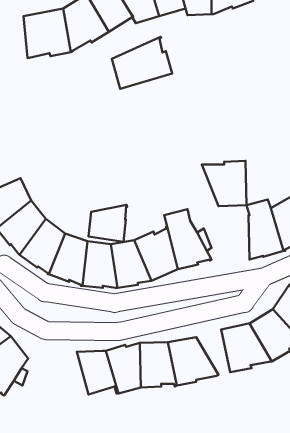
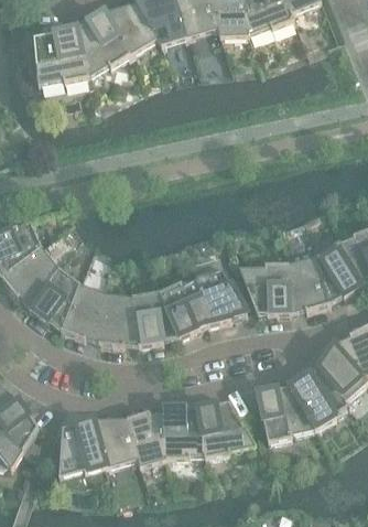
building: [112,37,172,89] -> none
building: [202,161,247,206] -> [239,262,290,314]
building: [88,205,127,242] -> none
building: none -> [46,418,107,477]

